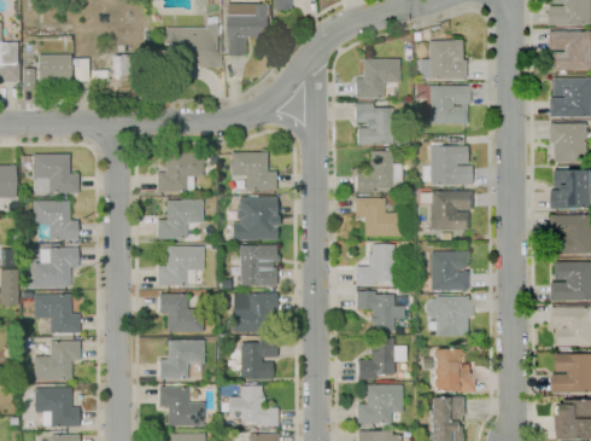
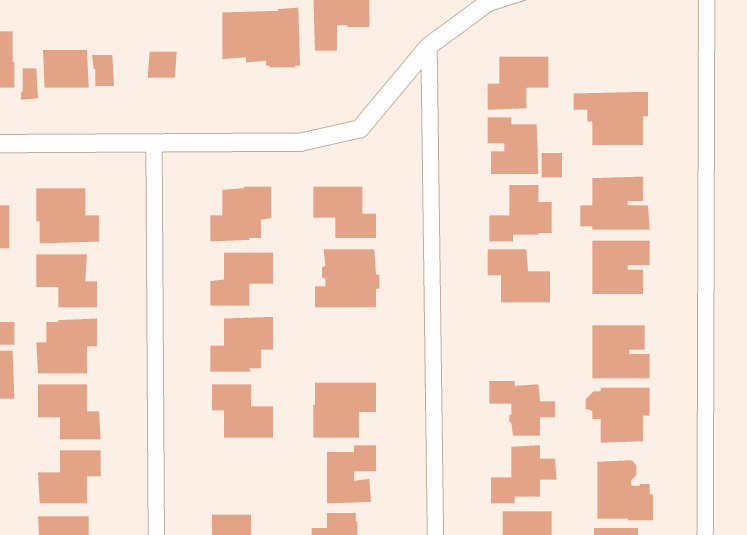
building: [420,40,470,79] -> none
building: [239,244,279,285] -> none
building: [355,244,404,285] -> none
building: [159,340,204,378] -> none

